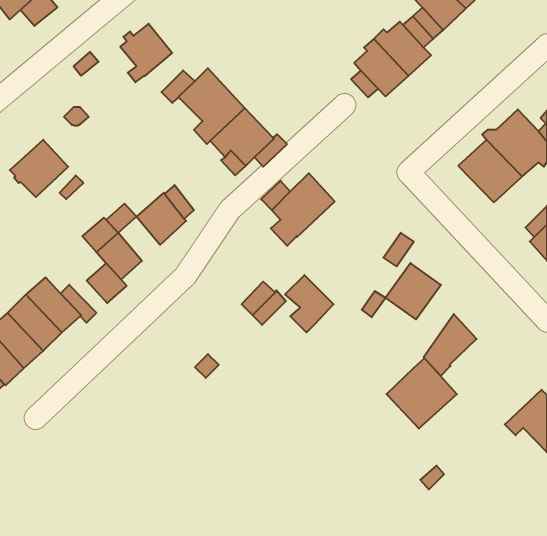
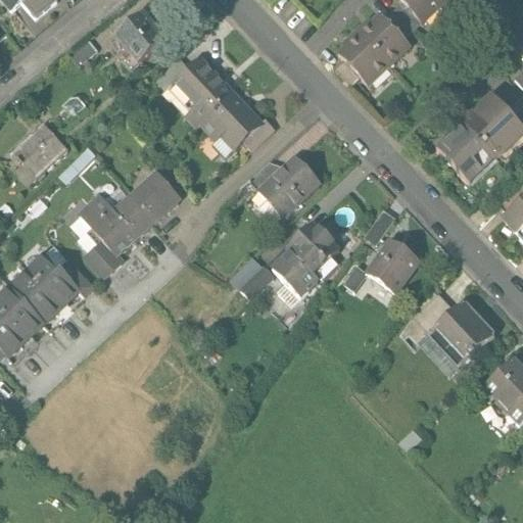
building: none -> [111,204,151,246]
building: none -> [281,231,336,283]
building: [386,358,457,429] -> [424,311,490,377]

